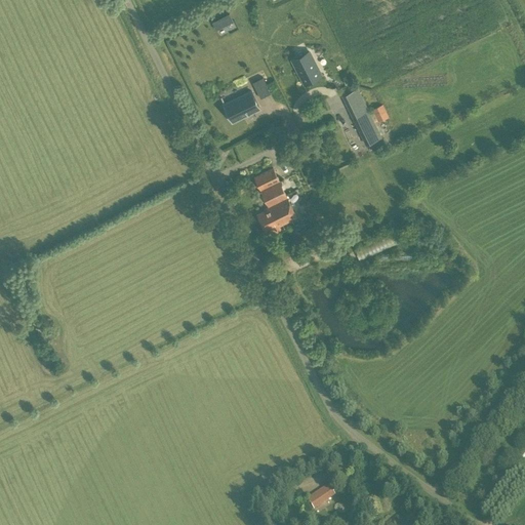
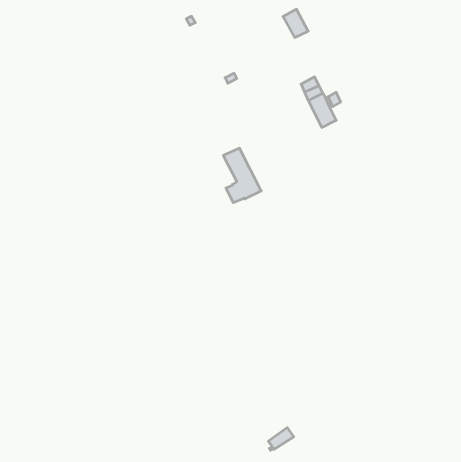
building: [291,51,320,83] -> [283,9,308,37]
building: [226,96,261,127] -> none

